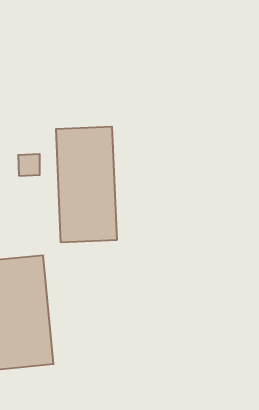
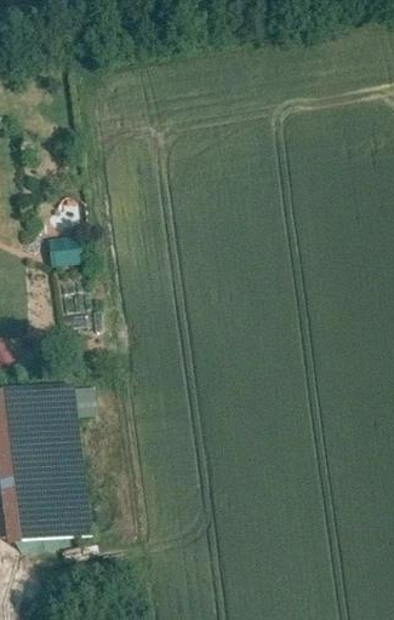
building: [56,127,117,242] -> none

